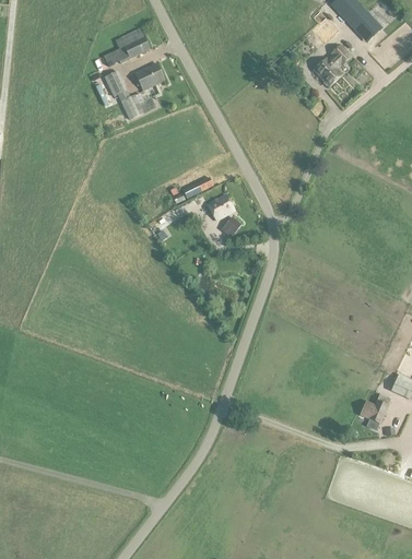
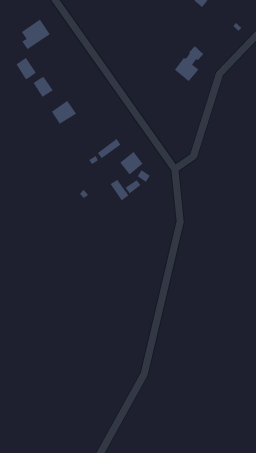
building: [311,44,349,85] -> [174,45,204,82]
building: [133,61,163,88] -> [51,100,77,125]

